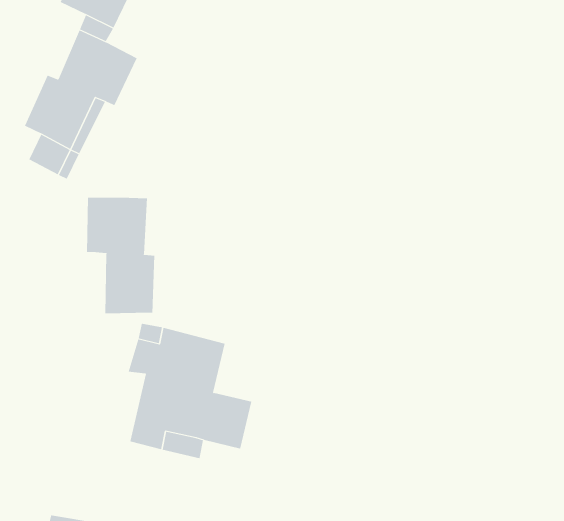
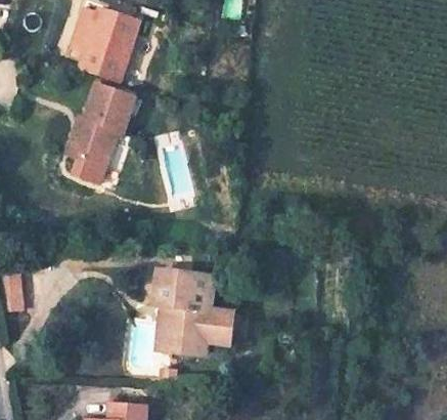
building: [86,197,155,314] -> none

